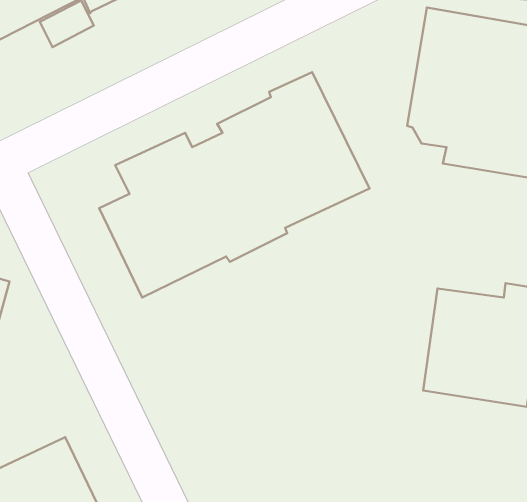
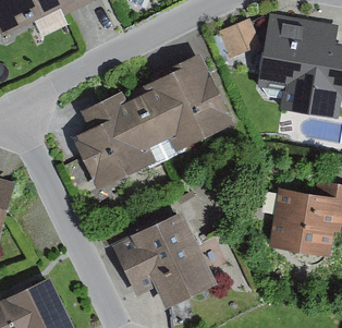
building: none -> [217,20,261,61]
building: none -> [111,210,217,308]

